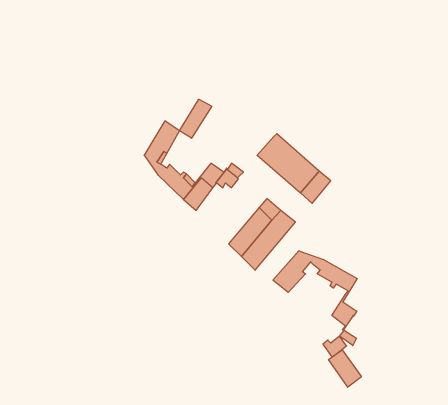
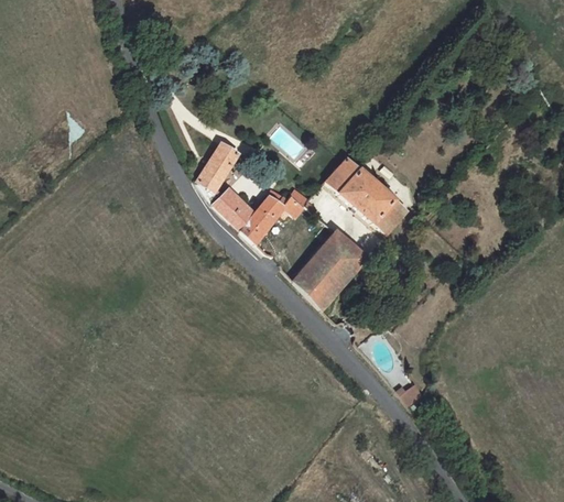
building: [179,99,212,138] -> none
building: [273,251,357,346] -> none
building: [329,350,361,387] -> none

